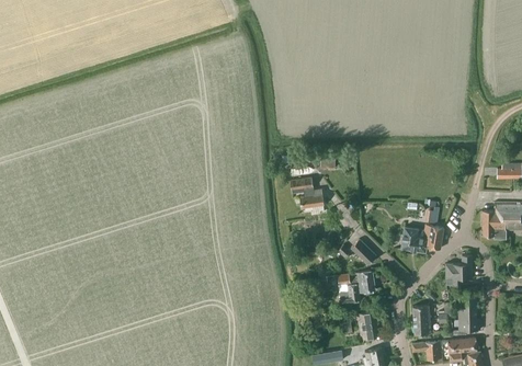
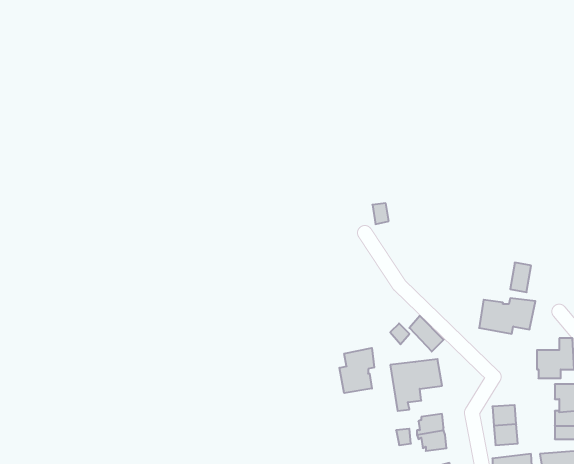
building: [291,178,325,213] -> none
building: none -> [339,348,374,393]

